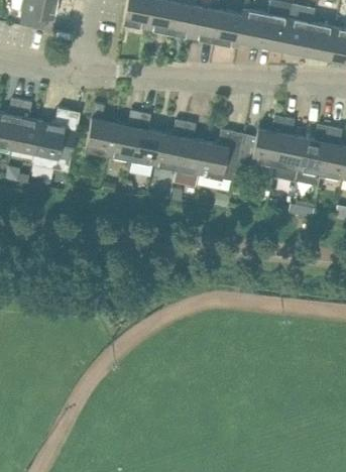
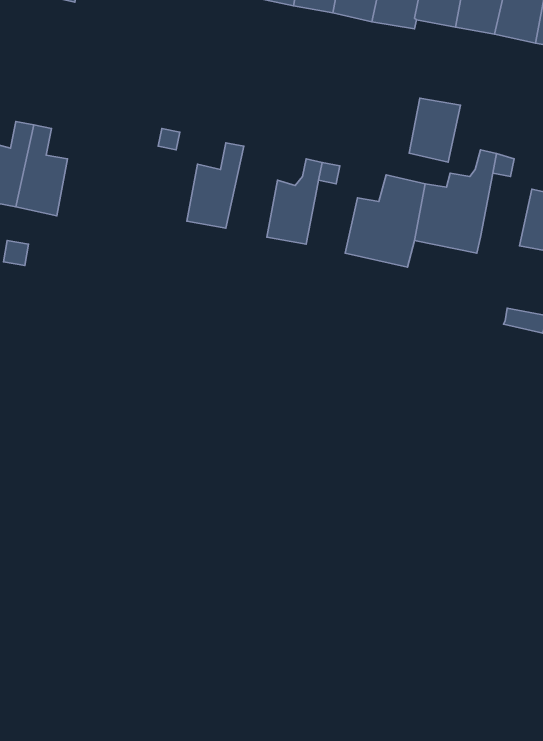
building: [130,114,159,165] -> none
building: [84,119,114,156] -> none
building: [32,121,76,171] -> none
building: [274,134,304,170] -> [409,98,461,162]
building: [176,138,205,174] -> none

